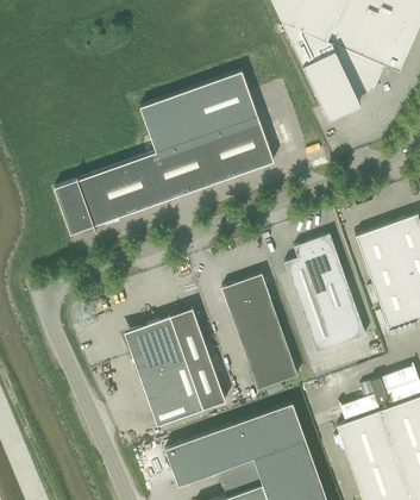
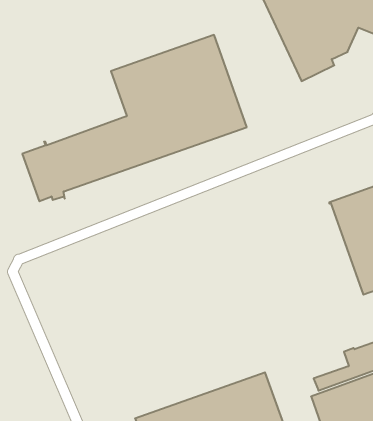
building: [284,233,366,352] -> none
building: [221,275,297,389] -> none
building: [127,308,226,425] -> none

